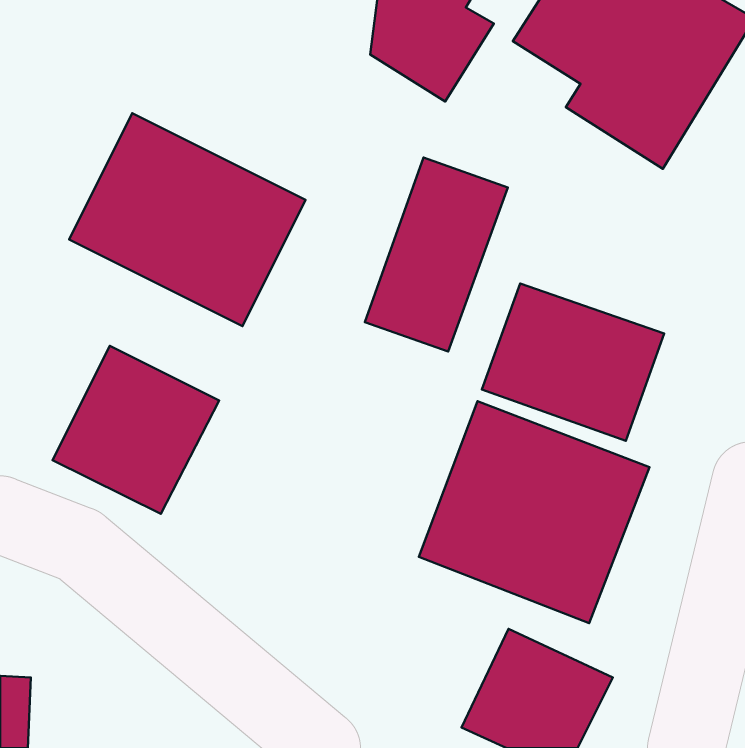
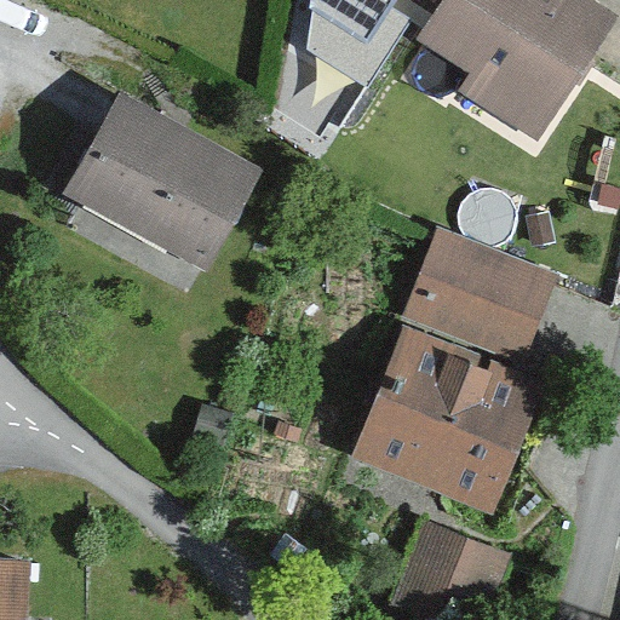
building: [365,157,508,351] -> none
building: [53,346,219,514] -> none

